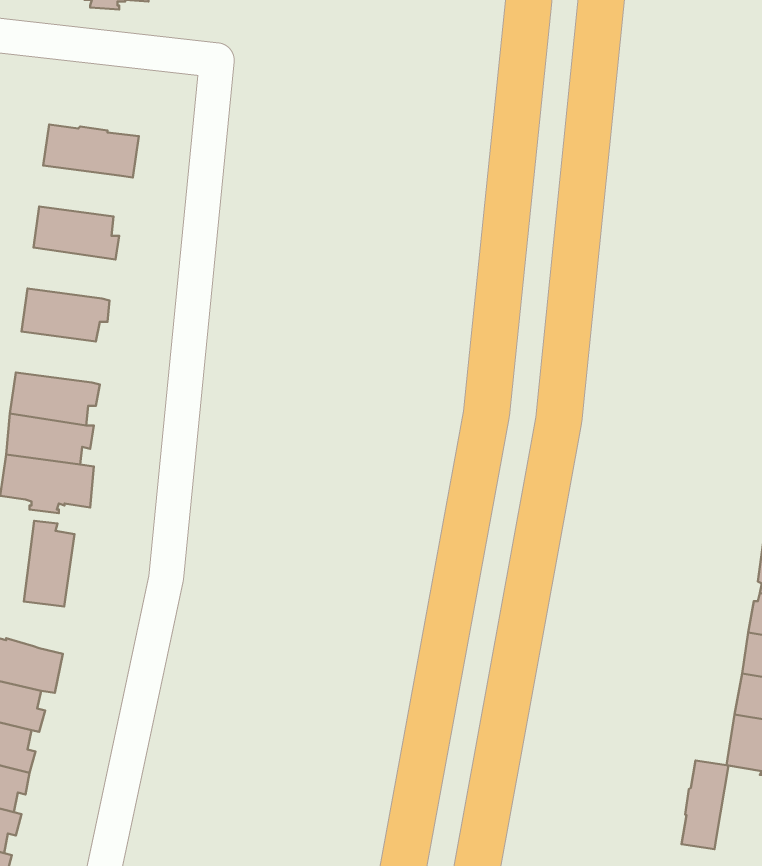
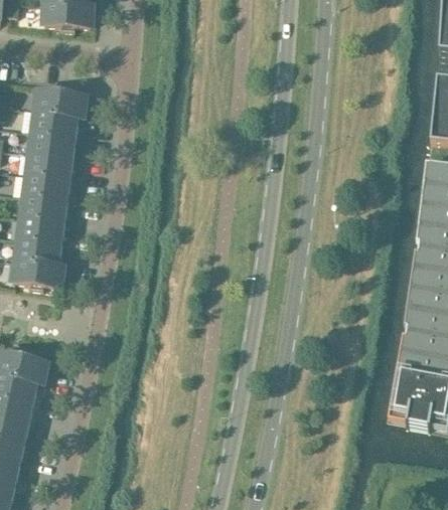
building: none -> [33,109,77,135]
building: none -> [27,151,72,177]
building: none -> [21,194,66,220]
building: [24,521,74,607] -> none
building: [682,760,728,849] -> none

